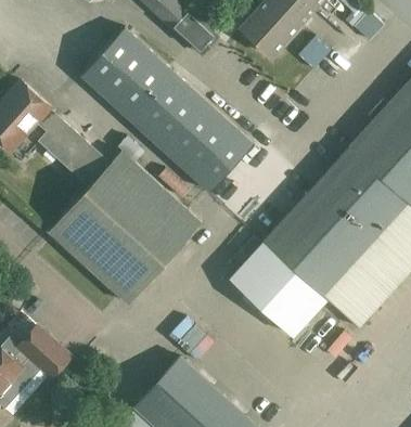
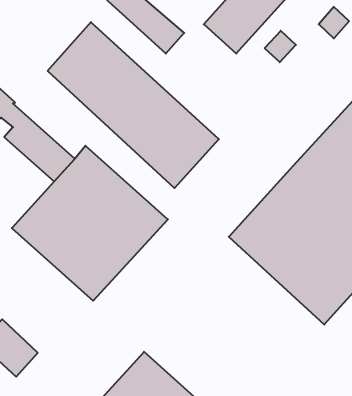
building: [230,242,327,337] -> none

